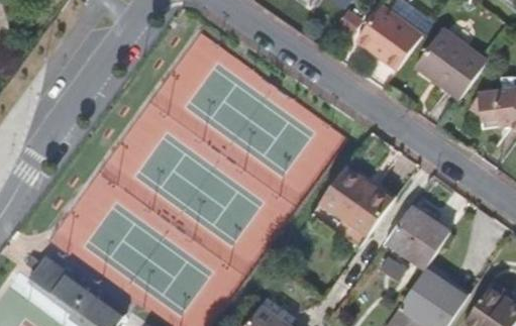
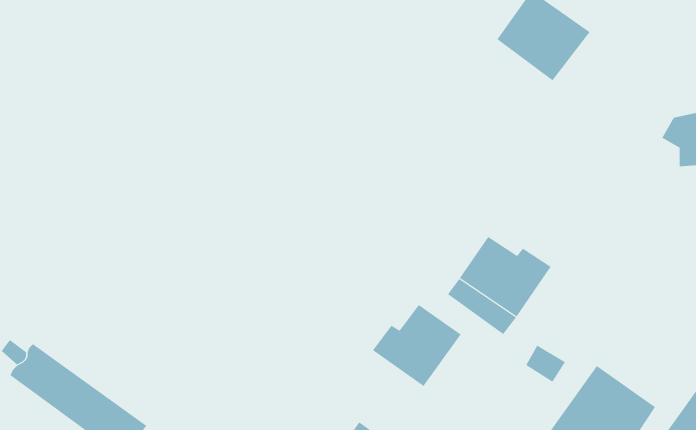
building: [414,27,488,99] -> none
building: [389,204,451,264] -> none
building: none -> [372,304,461,387]

